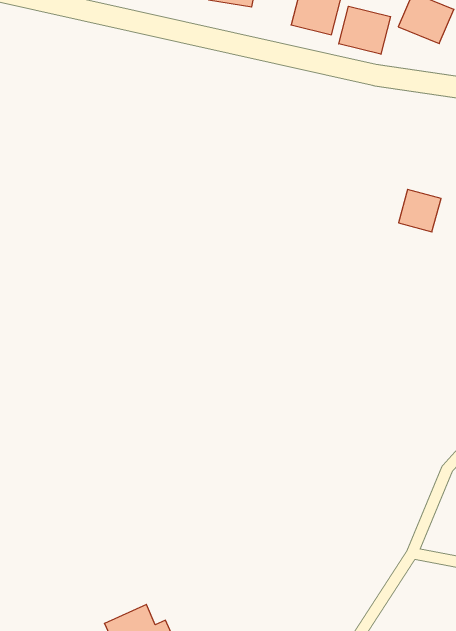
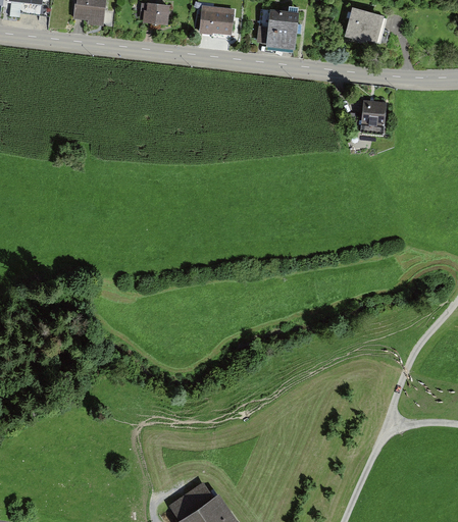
building: [339,6,391,54] -> none
building: [399,189,441,232] -> [358,101,388,130]

